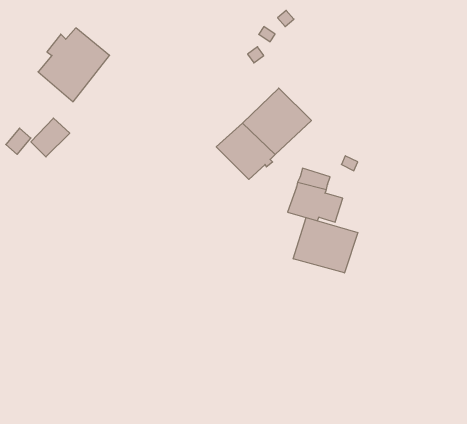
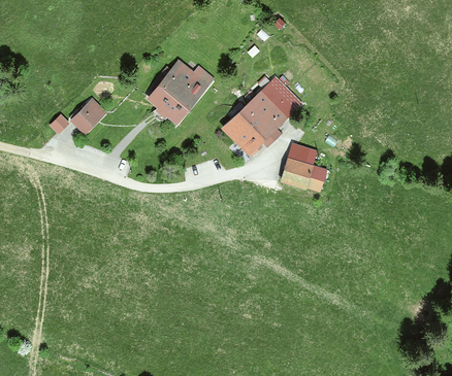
building: [38,28,110,102] -> [150,62,208,123]
building: [293,218,358,273] -> none

